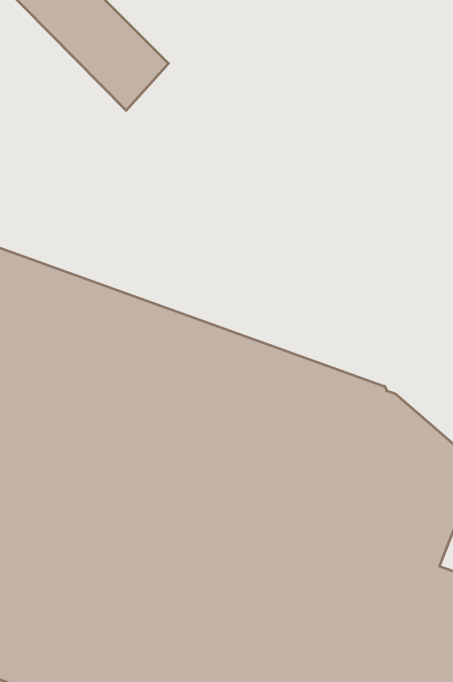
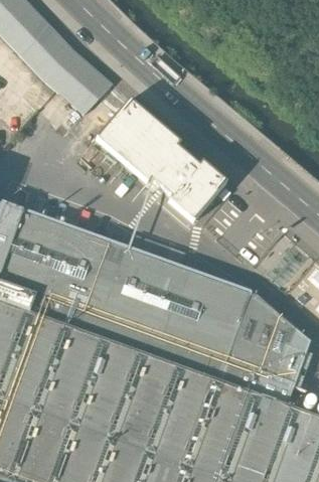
building: none -> [96,99,226,221]

